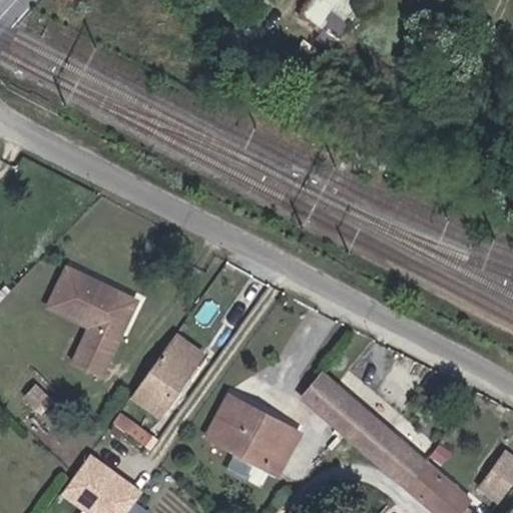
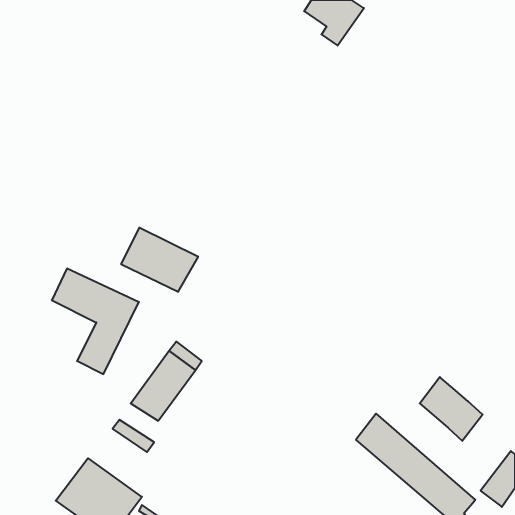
building: none -> [121,228,198,292]
building: [310,375,372,438] -> [420,377,483,441]
building: [207,397,297,479] -> none

